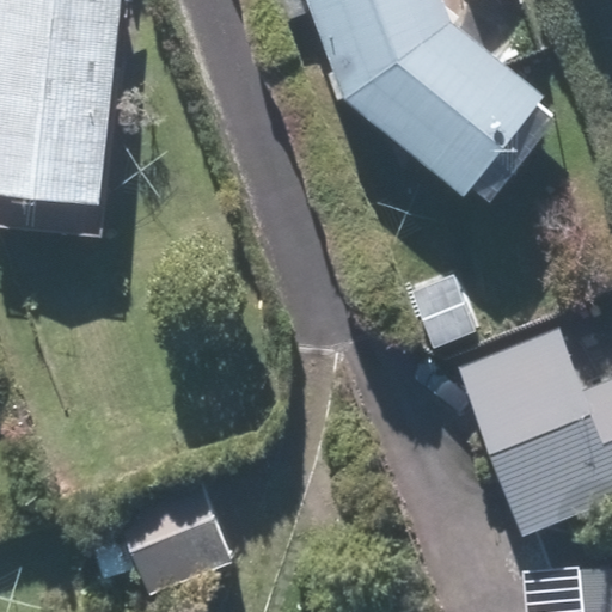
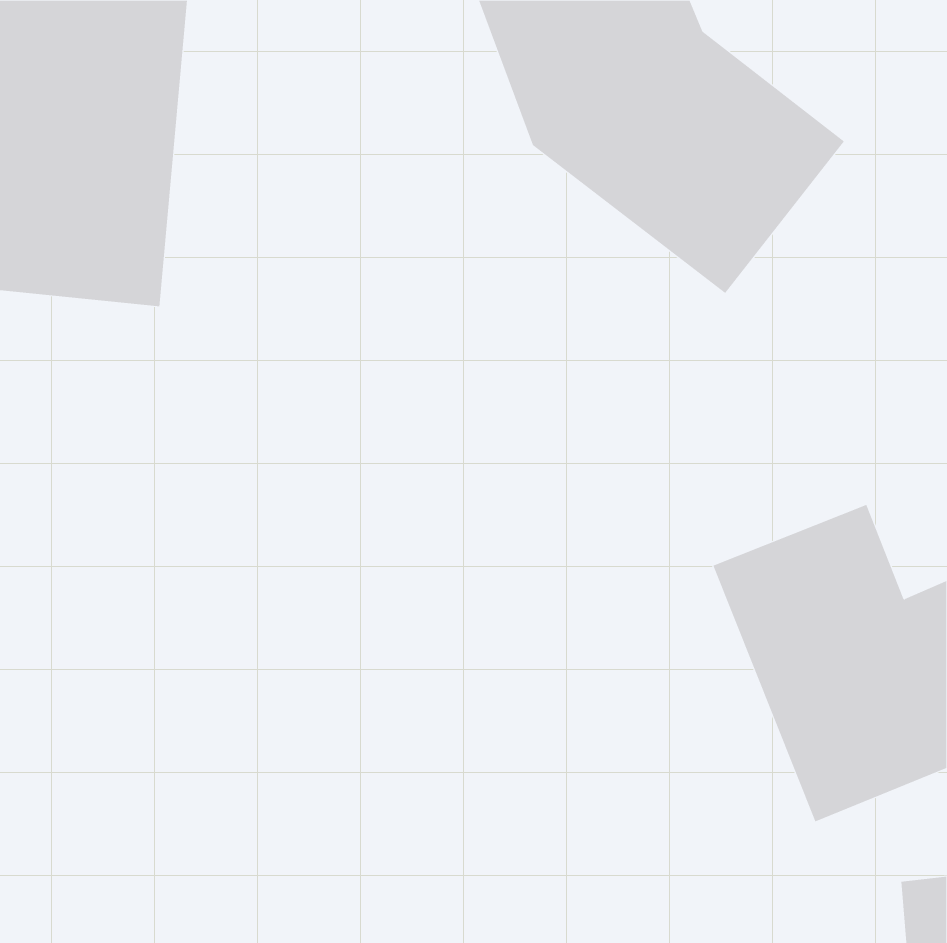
building: [114,478,232,596] -> none

